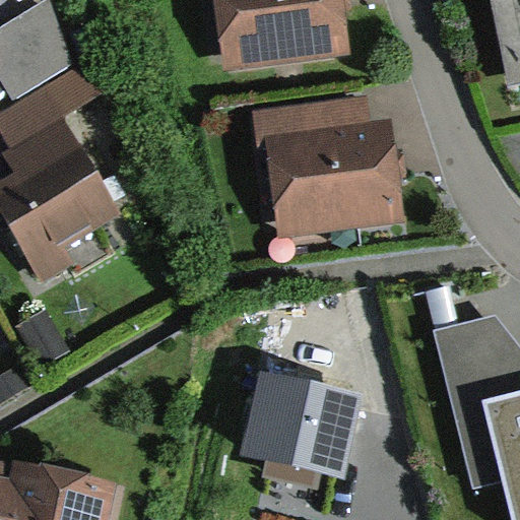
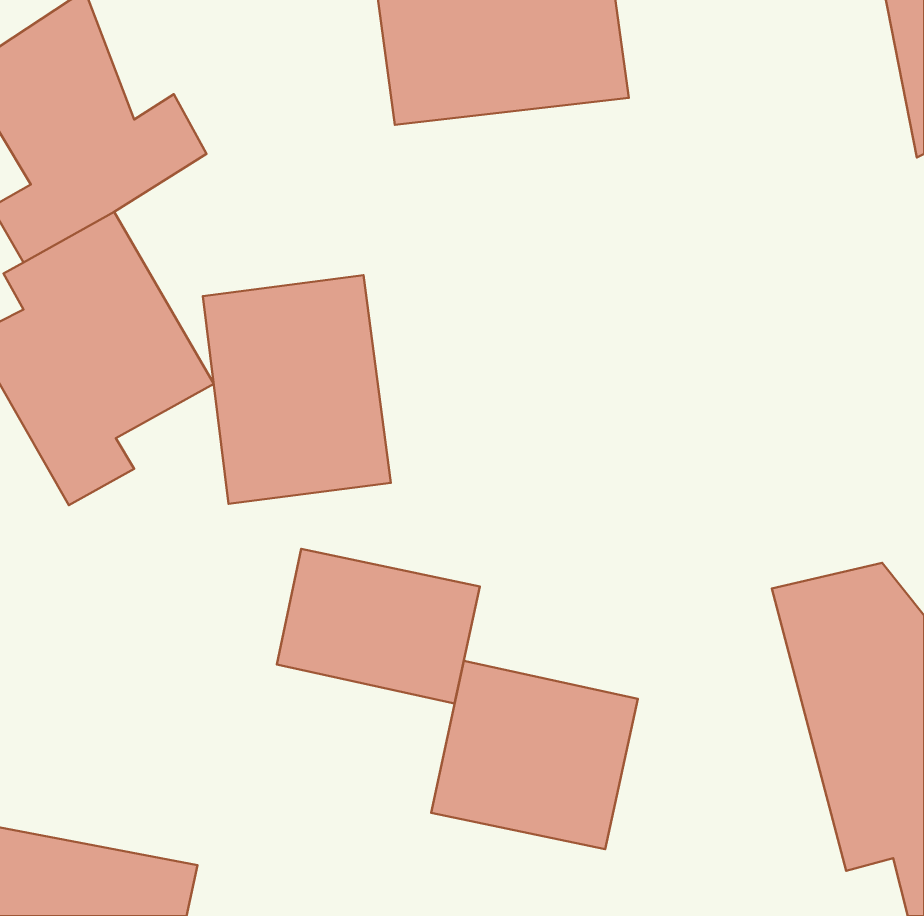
building: [253,95,403,233] -> none
building: none -> [203,275,391,504]
building: none -> [277,549,480,704]

